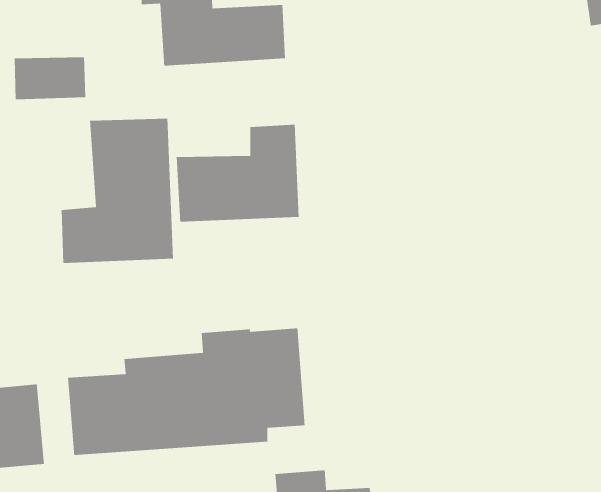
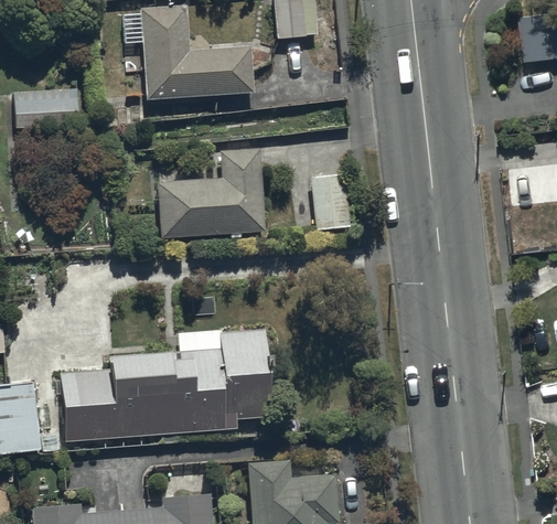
building: [61,118,174,264] -> none
building: none -> [312,175,351,232]

